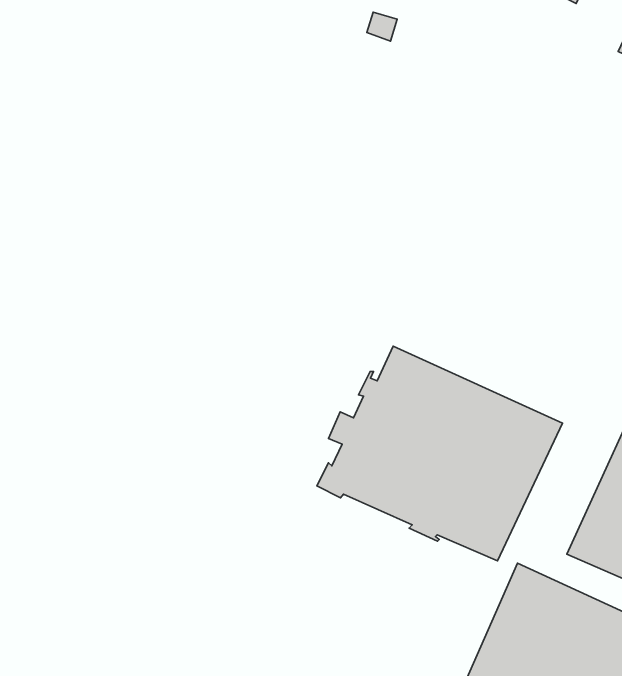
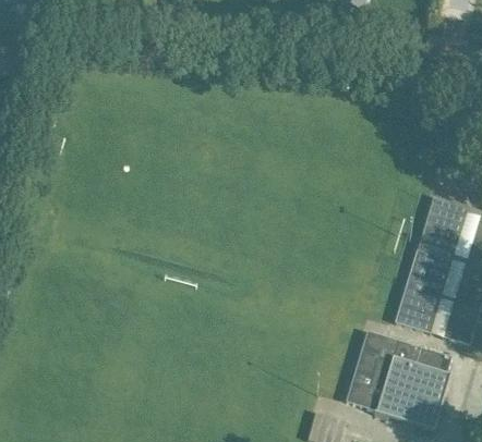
building: [317,346,562,561] -> none

